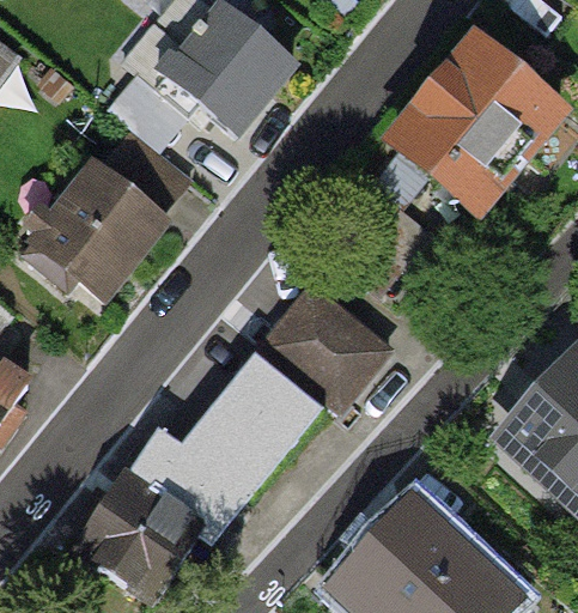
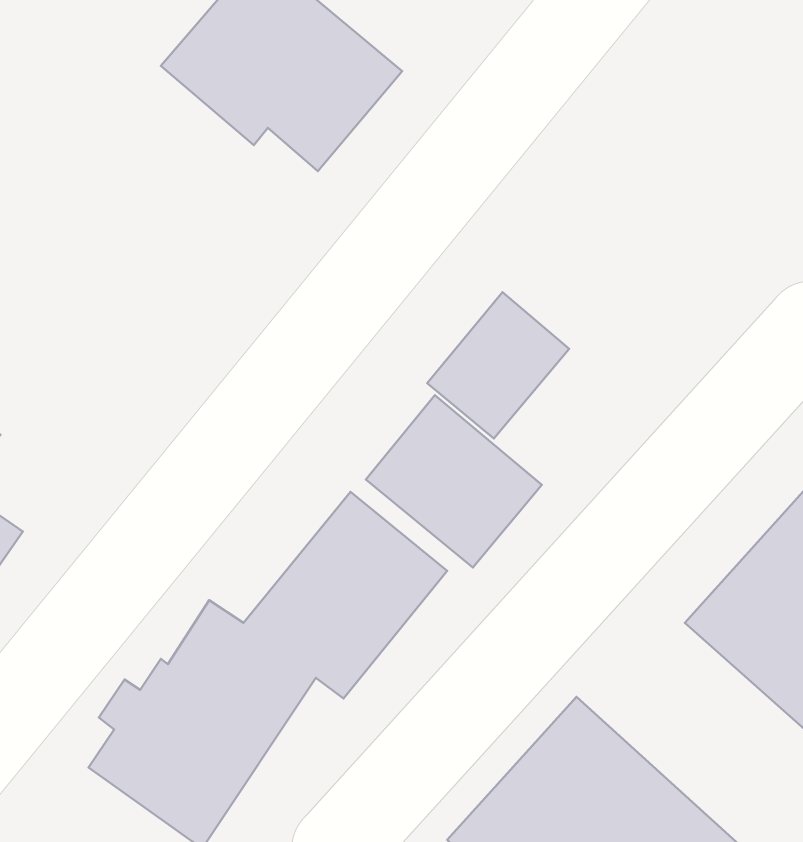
building: [401,48,566,214] -> none
building: [25,160,169,296] -> none
building: none -> [427,292,569,438]

